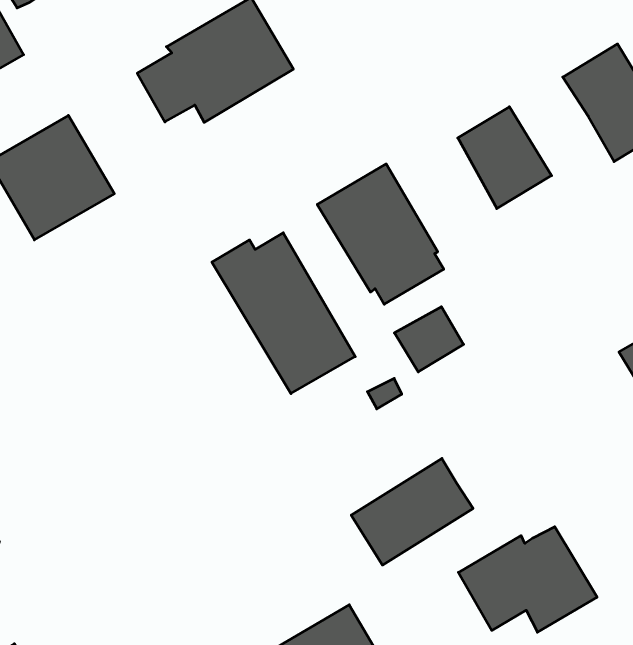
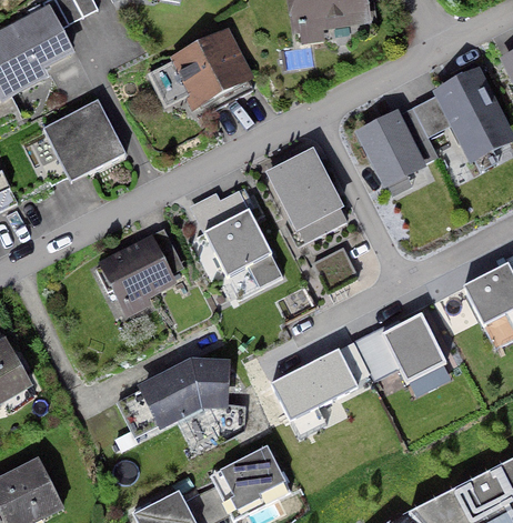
building: none -> [400,95,453,162]
building: none -> [97,232,183,303]
building: none -> [144,362,224,423]
building: [458,527,597,632] -> [354,313,447,384]

